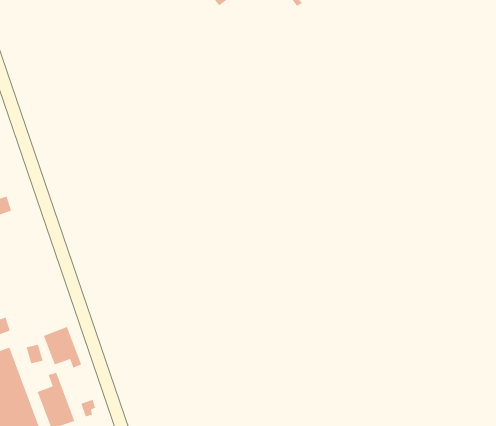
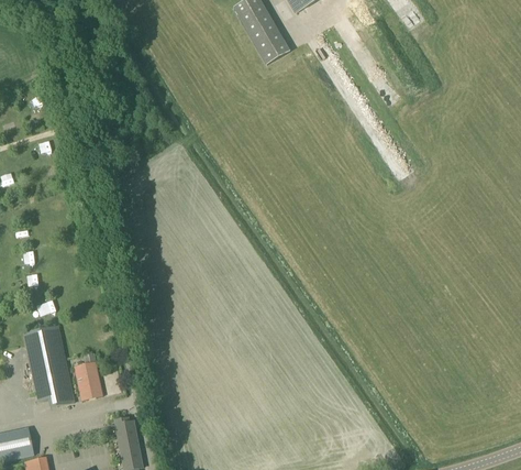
building: [43,326,82,369] -> none

